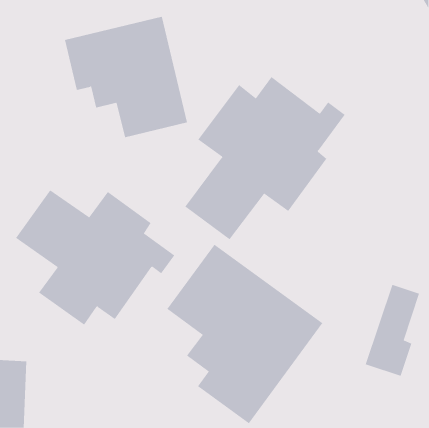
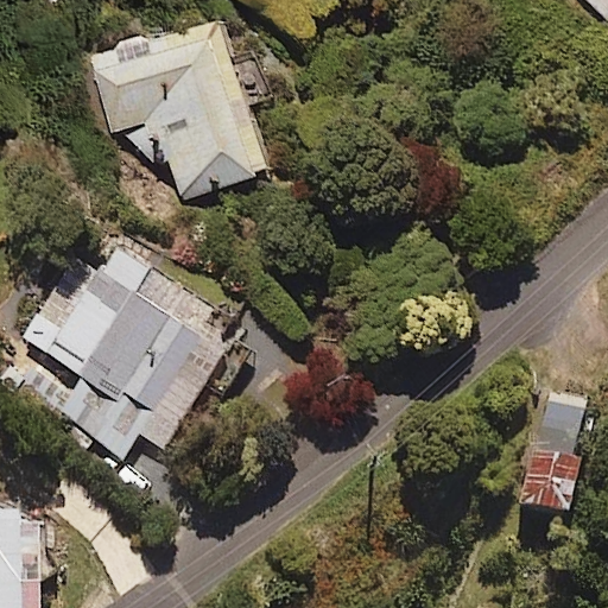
building: [185,76,345,240] -> none
building: [167,244,323,424] -> none

